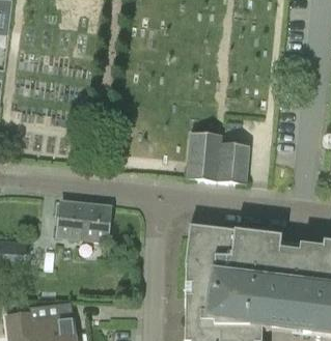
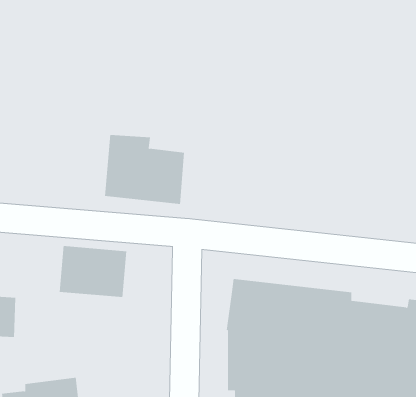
building: [188,132,249,184] -> [104,135,185,204]

